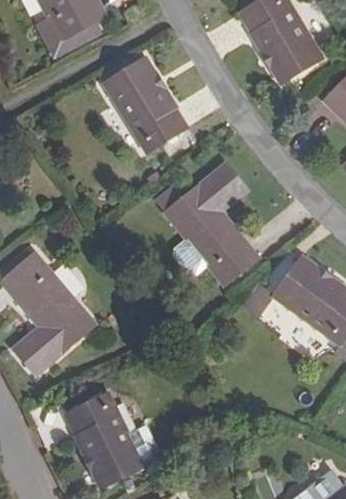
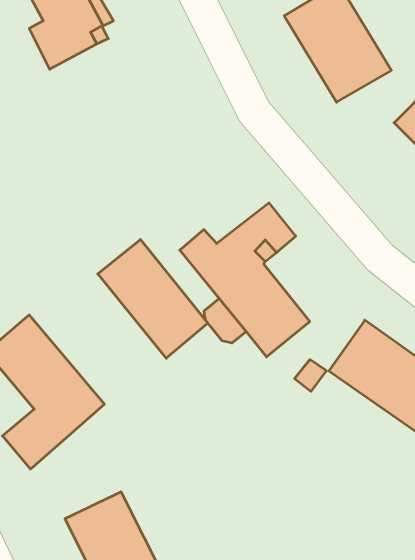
building: [103,57,188,152] -> none
building: none -> [98,239,208,358]

